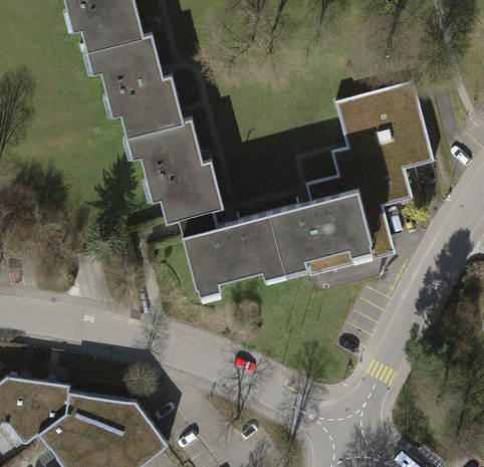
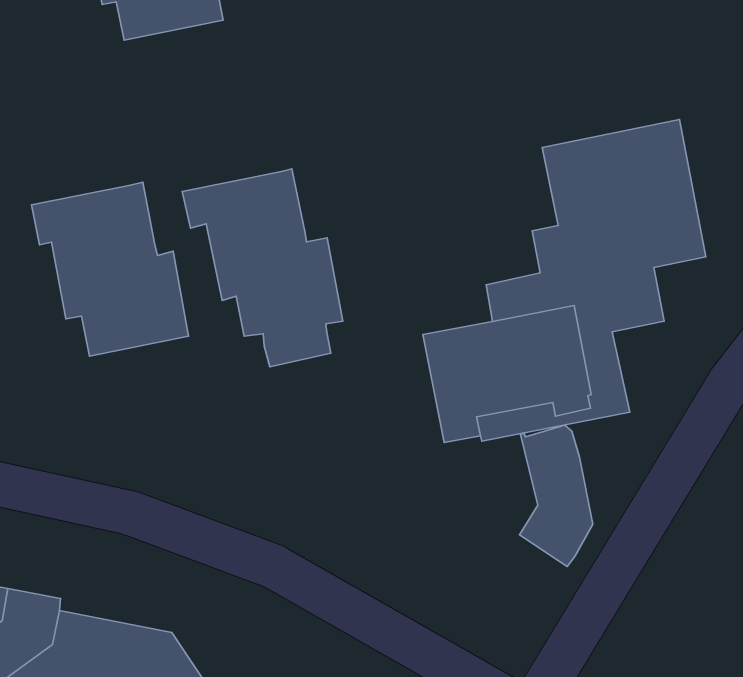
building: [86,37,183,141] -> [31,182,189,356]
building: [183,216,287,305] -> none
building: none -> [520,425,593,567]

